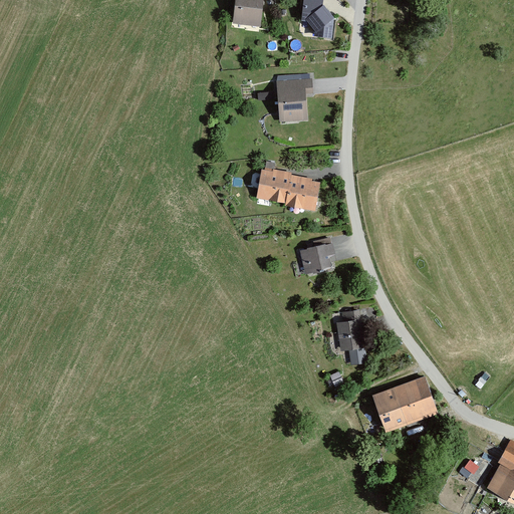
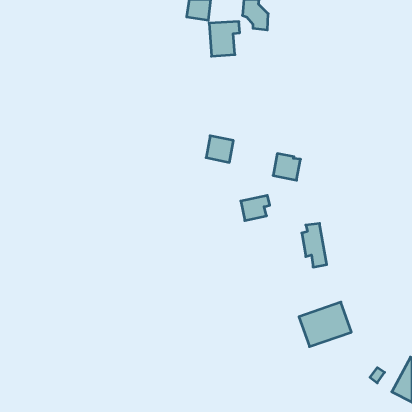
building: [275,78,313,121] -> [209,22,240,56]
building: [285,175,319,208] -> [273,154,301,180]
building: [335,308,366,362] -> [302,223,327,267]

